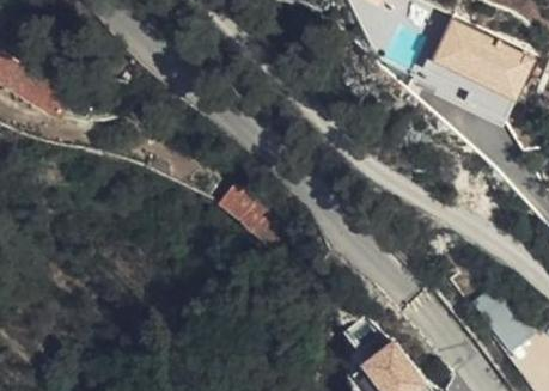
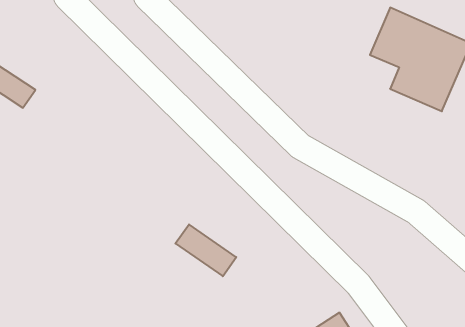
building: [216,185,281,240] -> [175,224,236,276]

